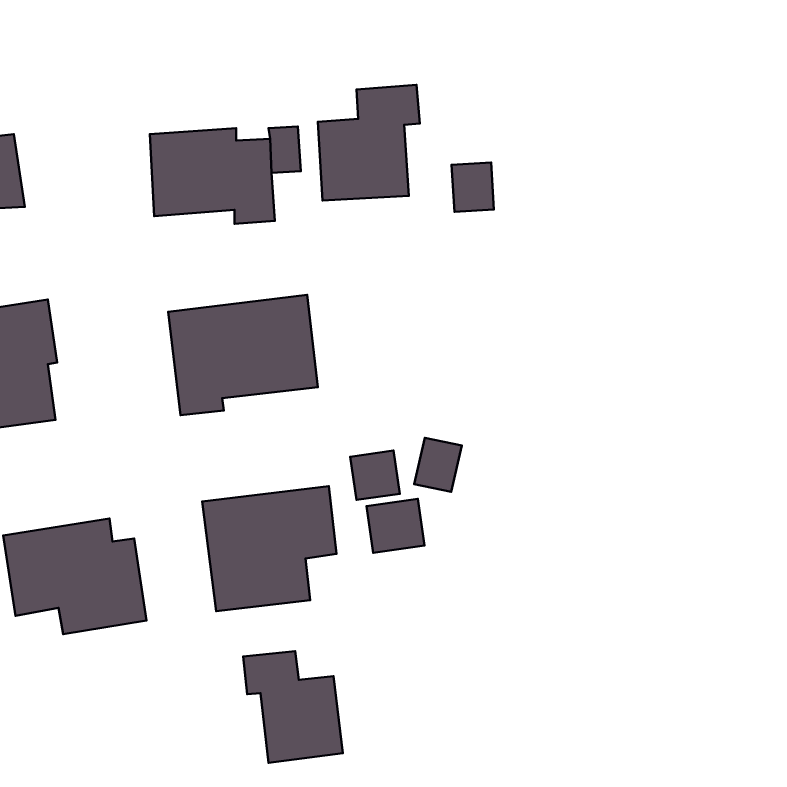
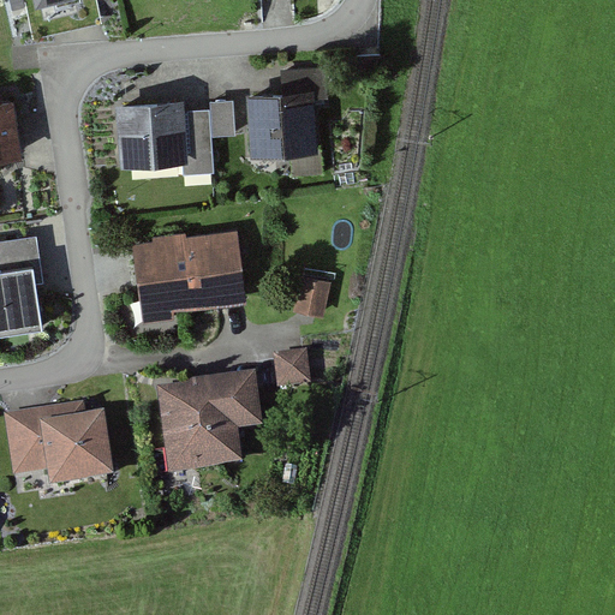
building: [452,162,494,212] -> none
building: [414,438,462,492] -> [293,274,330,316]
building: [367,499,424,553] -> none
building: [243,651,343,763] -> none

